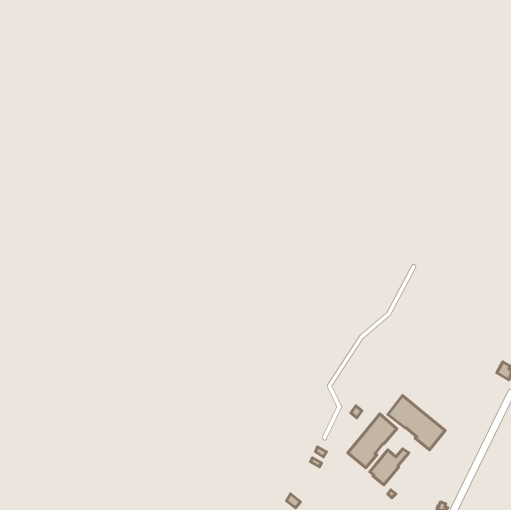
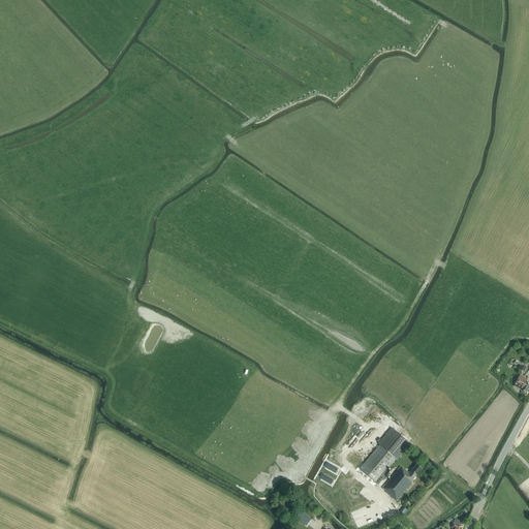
building: [388,395,445,450] -> none

